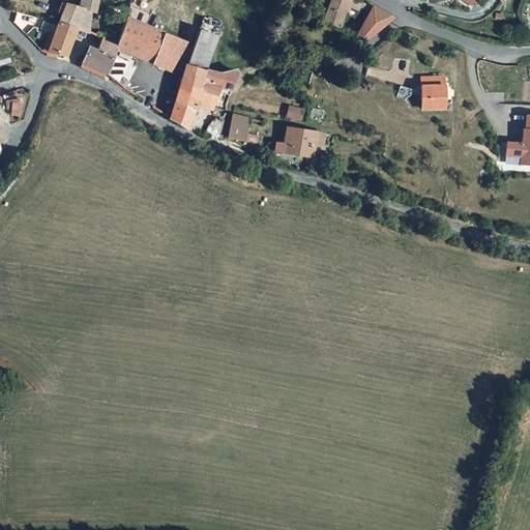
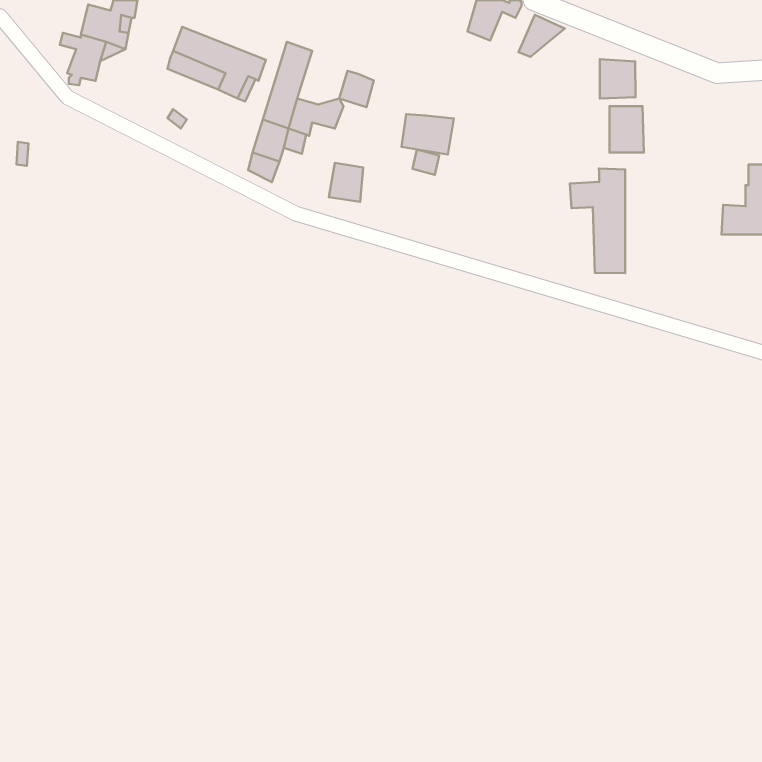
building: none -> [600,59,636,98]
building: [82,42,117,73] -> none
building: none -> [339,71,374,107]
building: none -> [570,169,625,273]
building: [282,128,318,156] -> [402,114,454,154]

